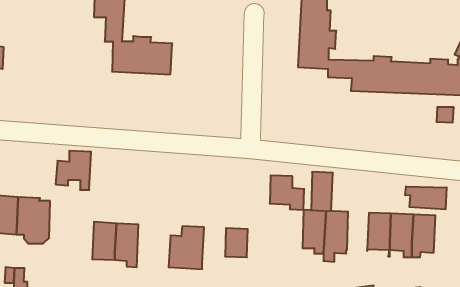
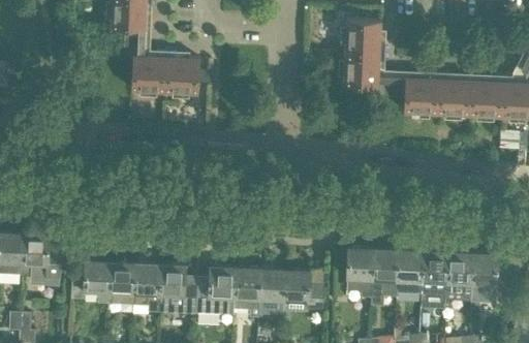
building: [56,151,91,190] -> [70,260,111,305]
building: [311,172,333,211] -> [398,250,423,294]
building: [270,175,304,210] -> [284,270,323,309]
building: [405,186,447,209] -> none
building: none -> [159,264,197,314]
building: none -> [234,268,260,318]

